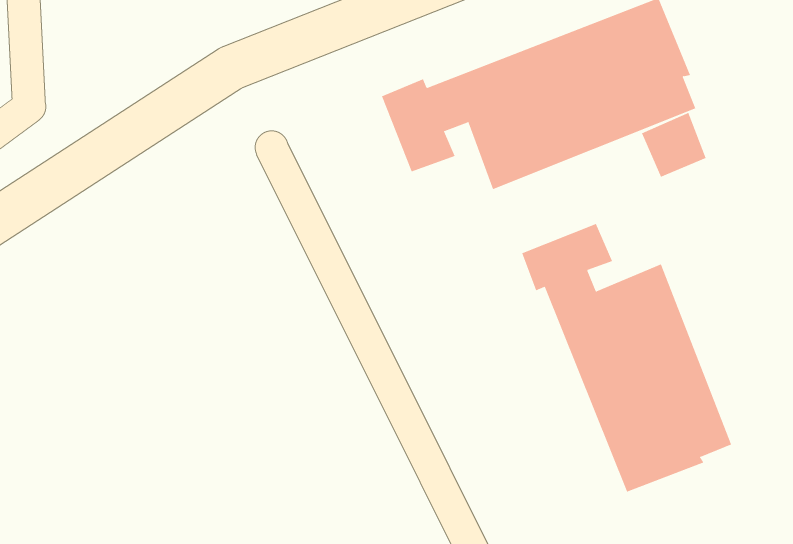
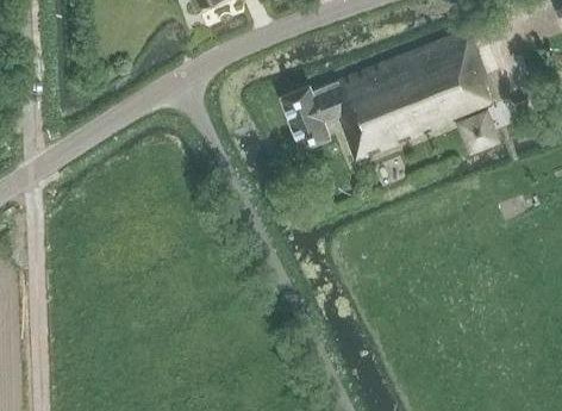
building: [521,223,732,492] -> none

